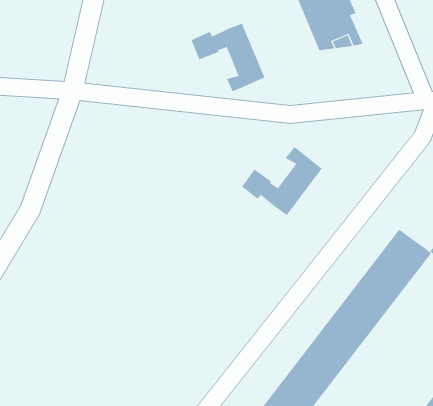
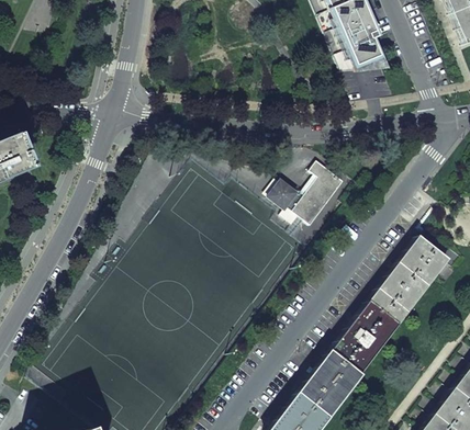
building: [191,23,265,92] -> none

